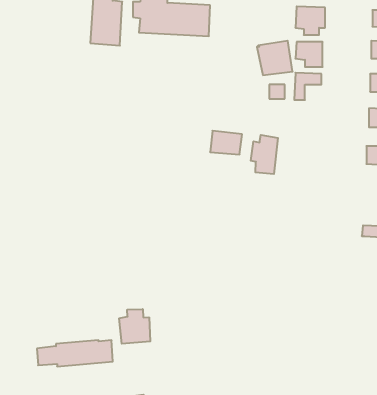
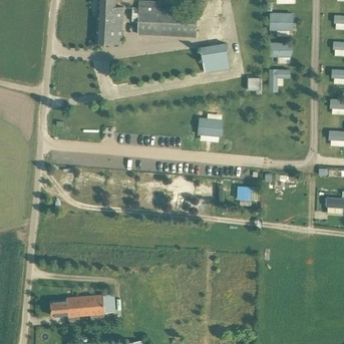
building: [257,41,293,75] -> [199,42,229,71]
building: [251,135,278,174] -> none
building: [119,309,150,344] -> none

